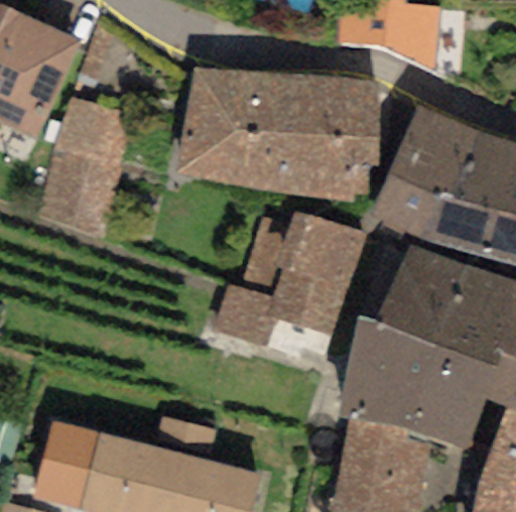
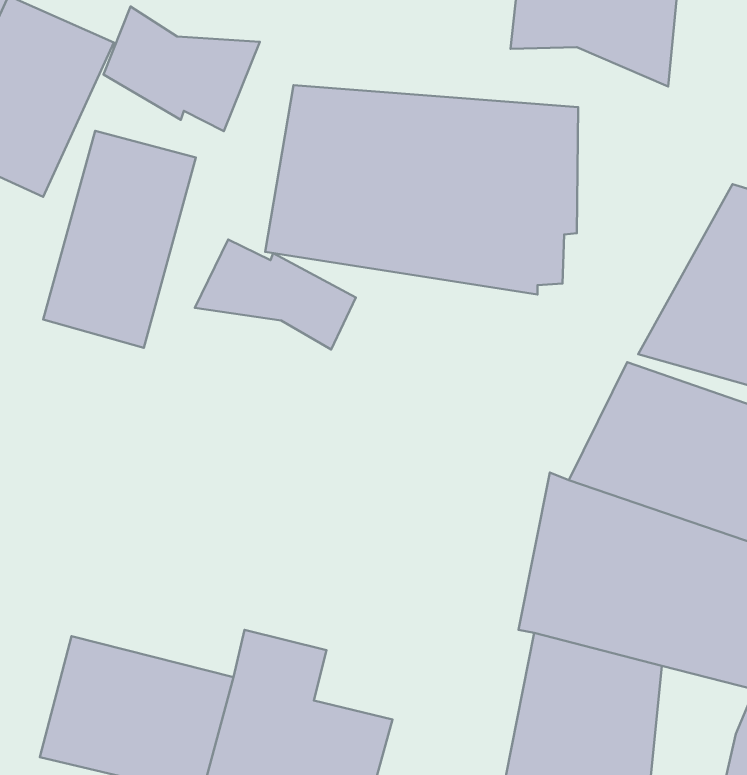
building: none -> [103,6,260,131]
building: [372,105,476,240] -> none
building: none -> [195,239,356,350]
building: [213,214,363,346] -> none

